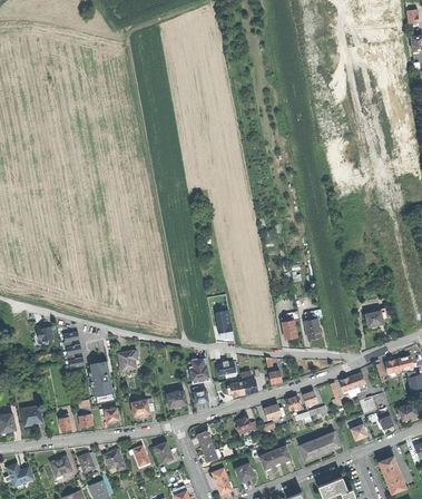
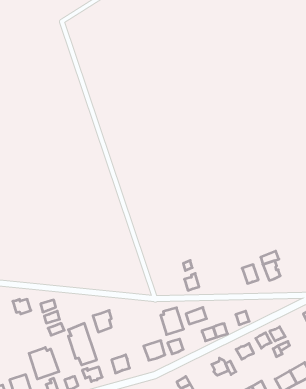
building: none -> [29,347,59,379]

